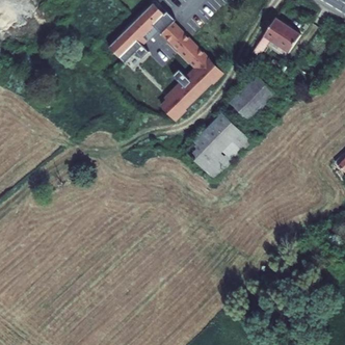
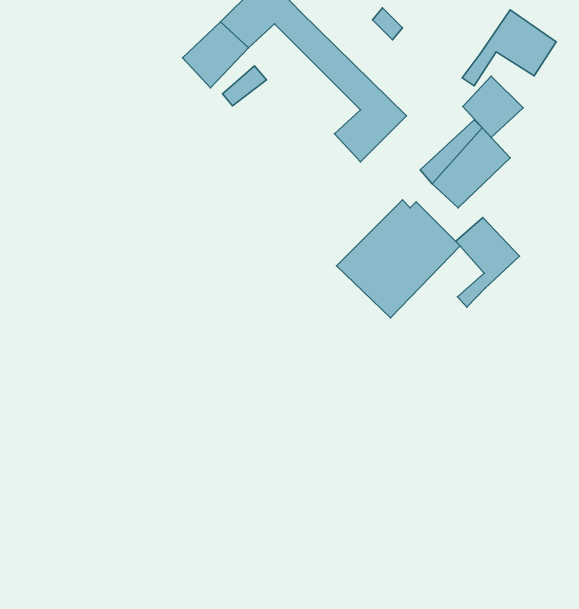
building: none -> [463,76,523,137]
building: [160,83,196,121] -> none
building: none -> [456,217,519,307]

